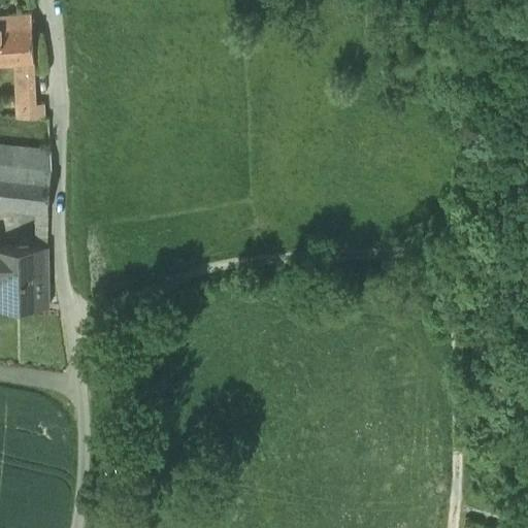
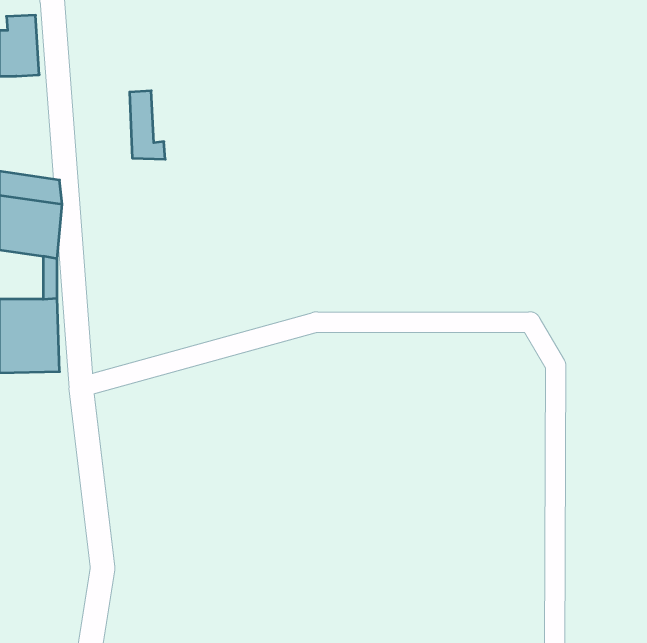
building: [13,65,42,121] -> [130,91,165,159]

